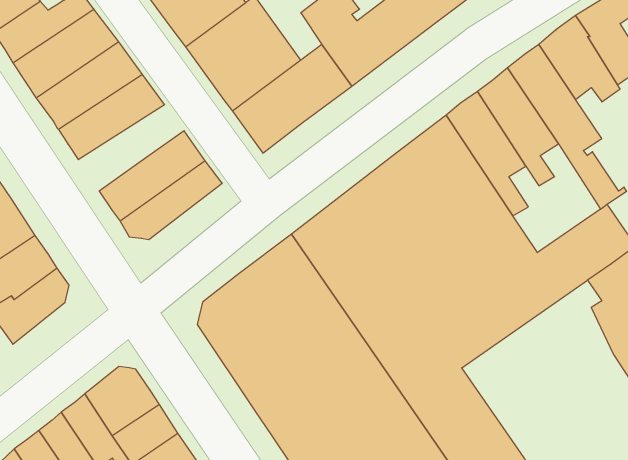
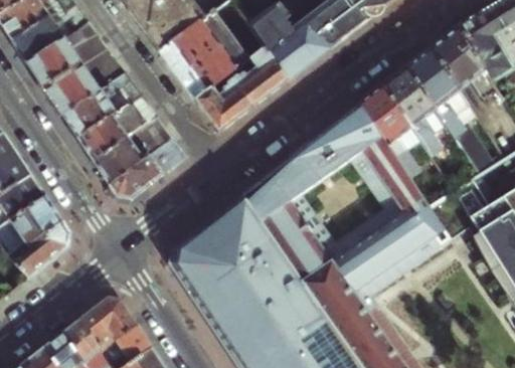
building: none -> [77,94,159,160]

